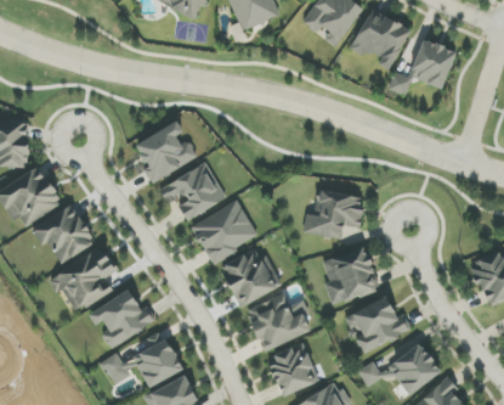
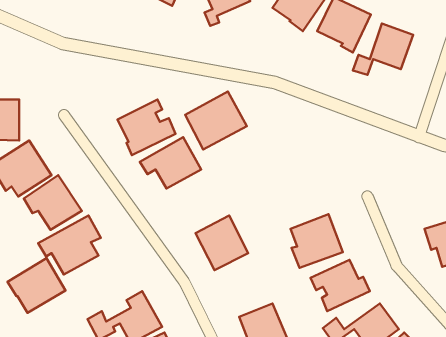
building: [305,190,364,237] -> none
building: [192,199,259,263] -> [185,91,247,149]
building: [89,287,152,347] -> [7,258,66,313]
building: [247,293,311,350] -> none

